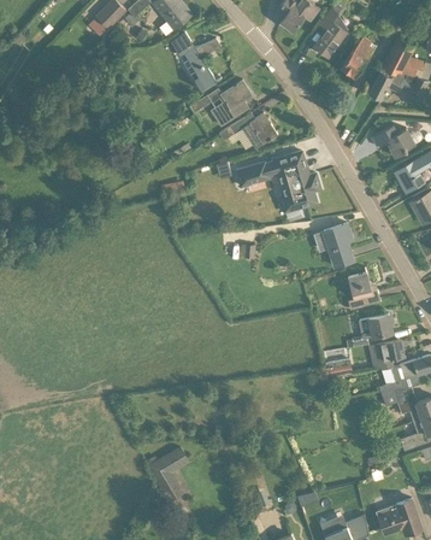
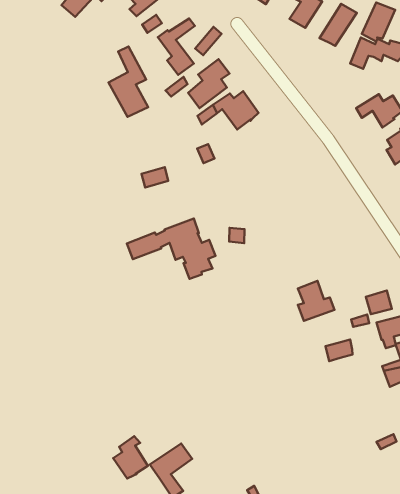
building: none -> [109,47,148,117]
building: [235,152,319,210] -> [127,218,215,279]
building: [320,223,353,268] -> none
building: [344,272,379,310] -> [298,281,335,321]
building: none -> [113,436,148,479]

